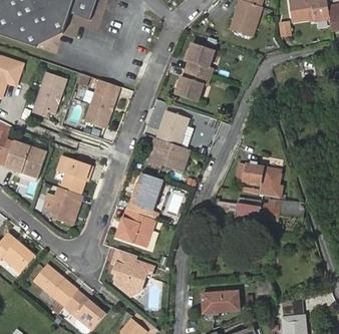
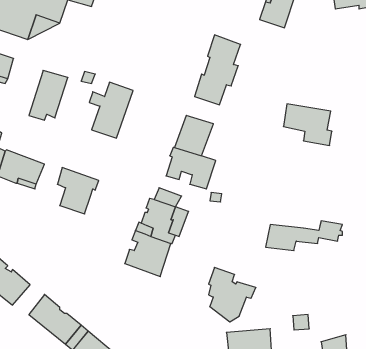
building: [242,162,283,198] -> [283,104,332,145]
building: [45,188,82,225] -> none
building: [112,250,152,296] -> [209,267,256,322]

